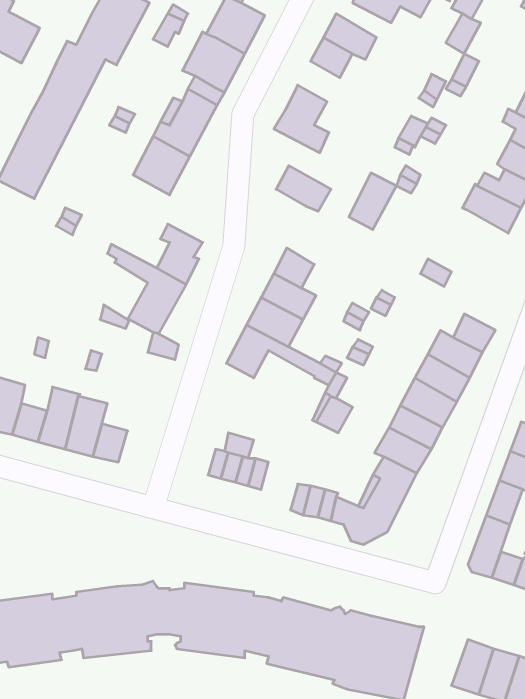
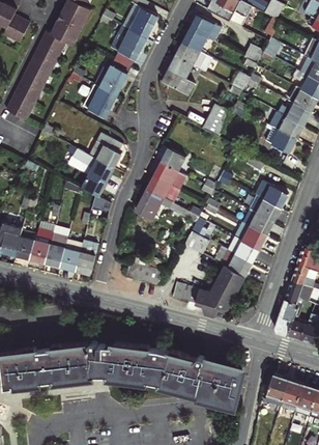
building: [276,166,331,211] -> [175,44,206,69]
building: none -> [263,128,294,155]
building: none -> [74,242,95,275]

